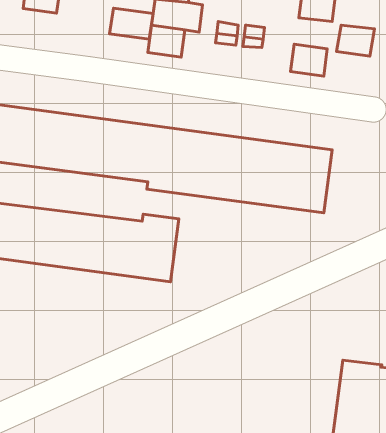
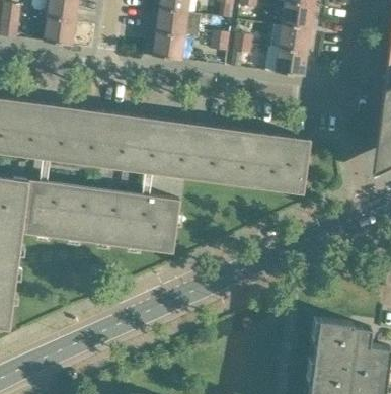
building: [110,8,153,39] -> none
building: none -> [43,20,74,48]
building: [337,25,375,56] -> [277,28,309,55]

